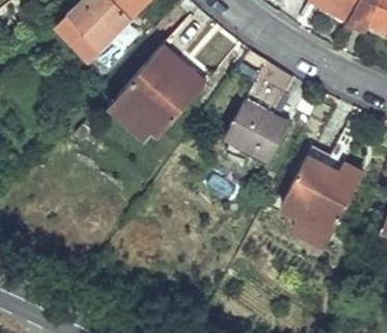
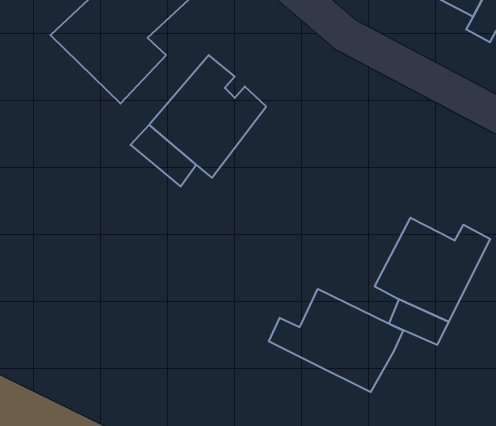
building: [226,101,294,165] -> none
building: none -> [269,289,403,392]

